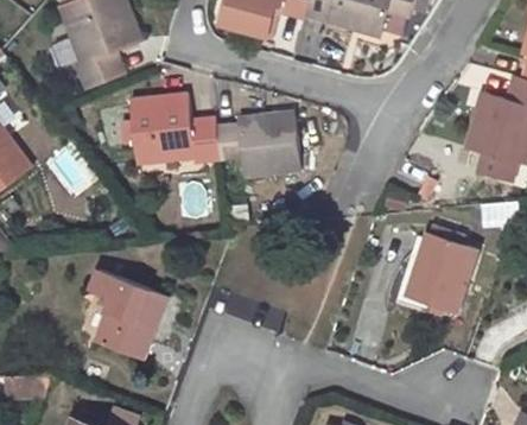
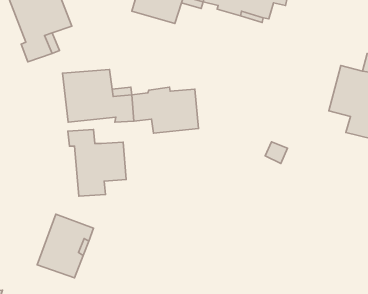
building: none -> [68,129,126,196]
building: [407,234,476,312] -> none

